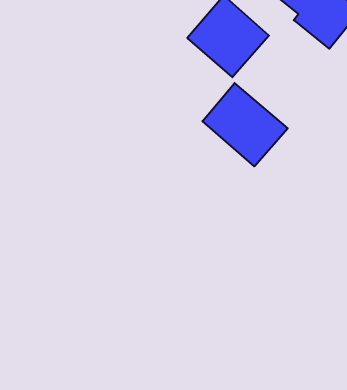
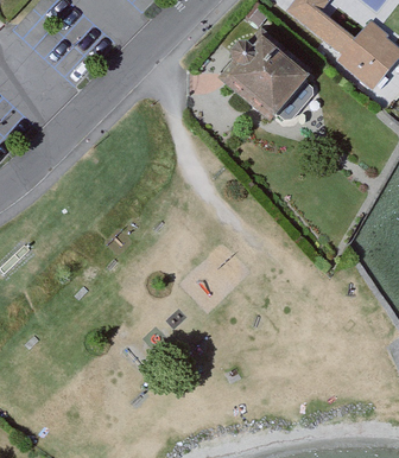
building: [202,83,288,166] -> none

